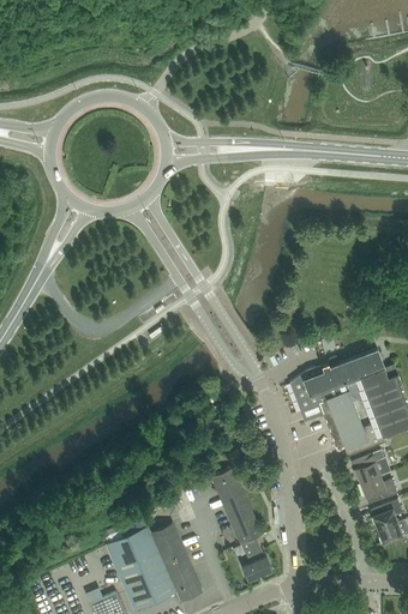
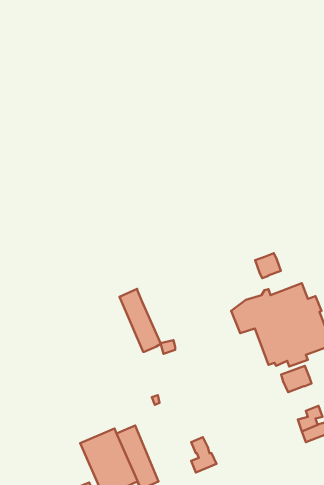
building: none -> [255,253,281,278]
building: [212,469,263,546] -> [120,289,161,352]
building: [361,477,398,501] -> none

